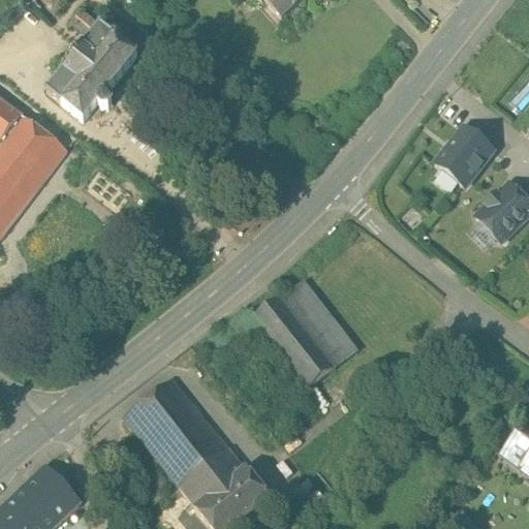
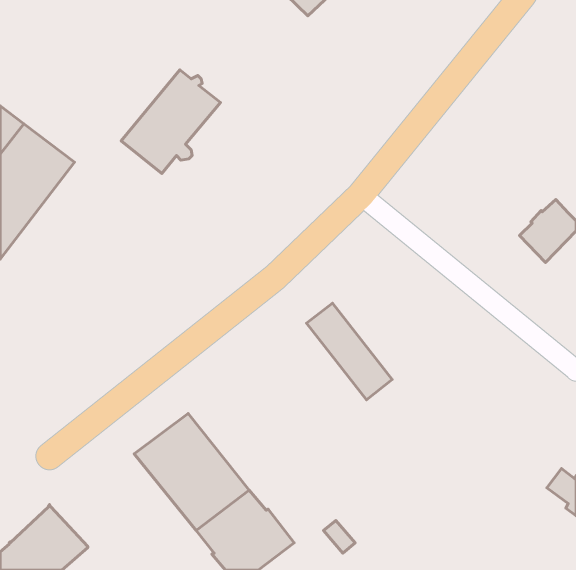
building: [48,24,138,119] -> [121,70,220,174]
building: [436,127,493,185] -> none
building: [253,297,336,387] -> none

